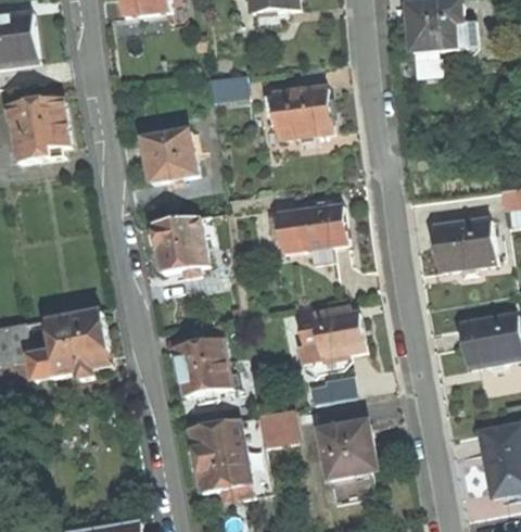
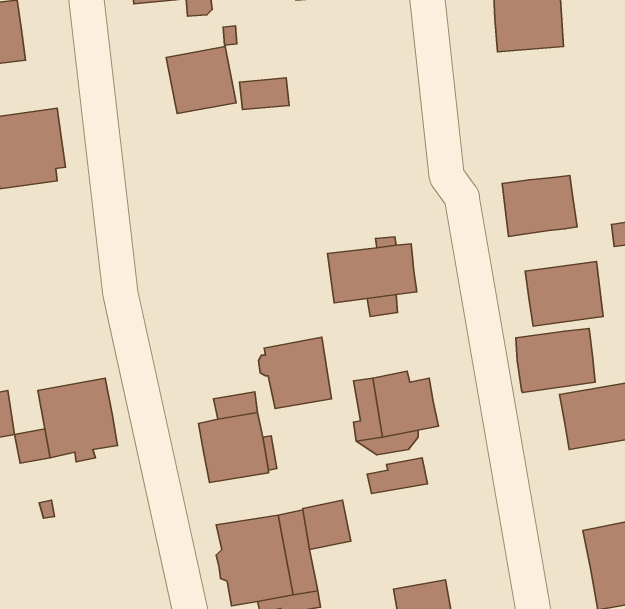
building: [271,87,331,138] -> none
building: [140,128,195,181] -> [166,46,236,114]
building: none -> [502,175,577,237]
building: [148,214,205,270] -> [259,337,331,409]
building: none -> [516,329,595,392]
building: [318,421,376,478] -> none

